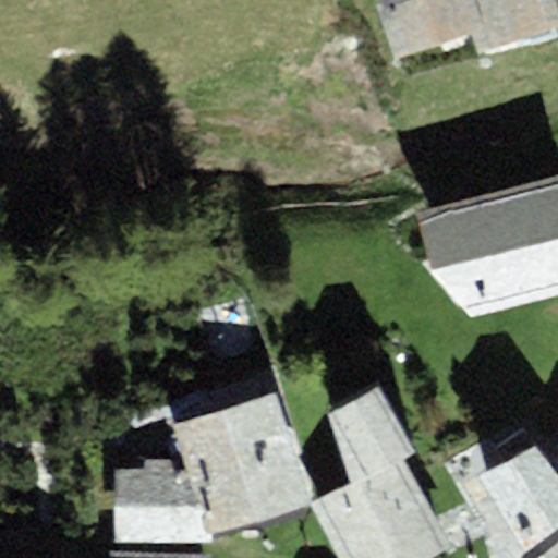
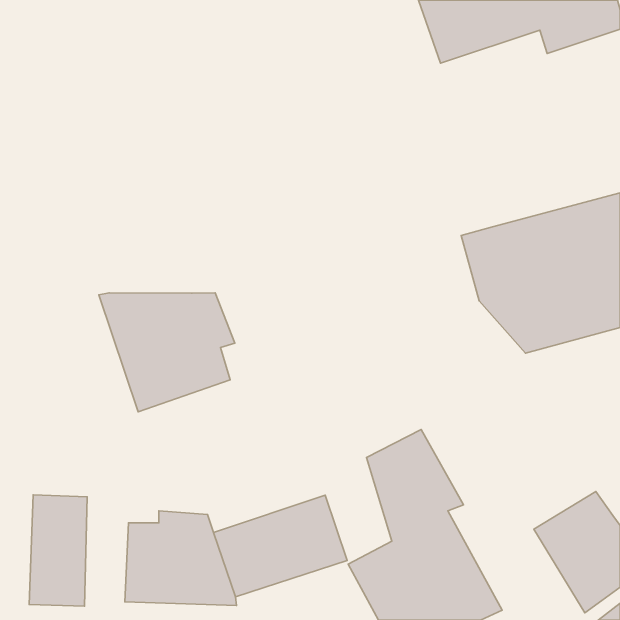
building: none -> [99,293,235,412]
building: [173,390,292,478] -> none
building: none -> [29,495,87,606]

